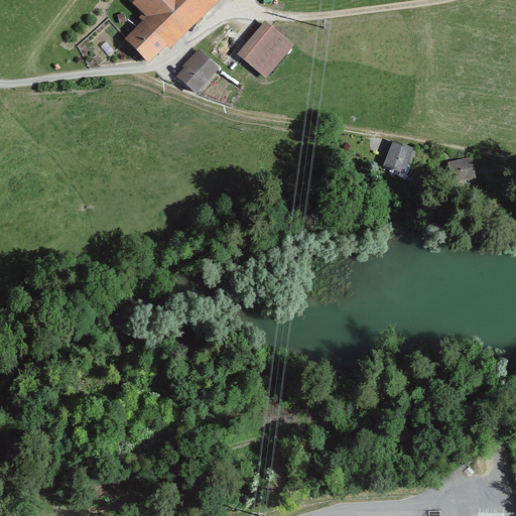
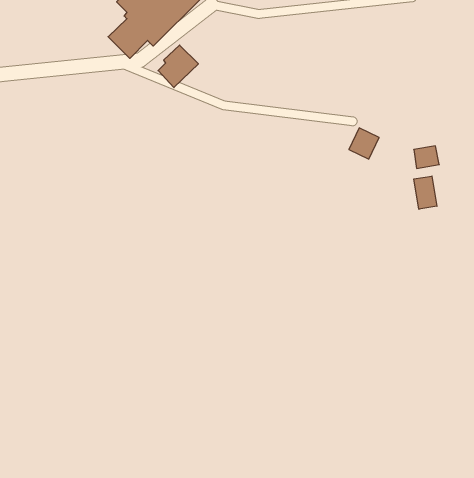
building: [236,19,294,79] -> none
building: none -> [414,176,437,209]

